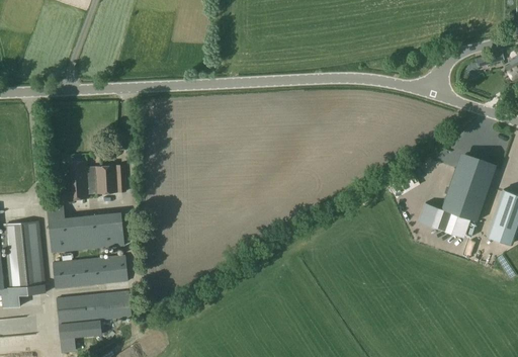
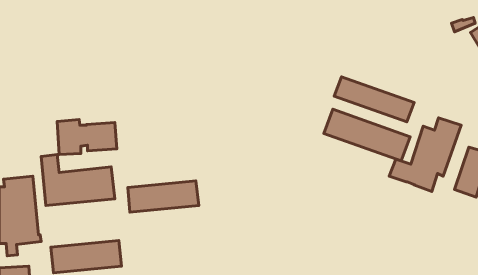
building: none -> [334,77,414,122]
building: none -> [324,109,410,161]
building: [54,255,130,288] -> [128,181,199,212]

